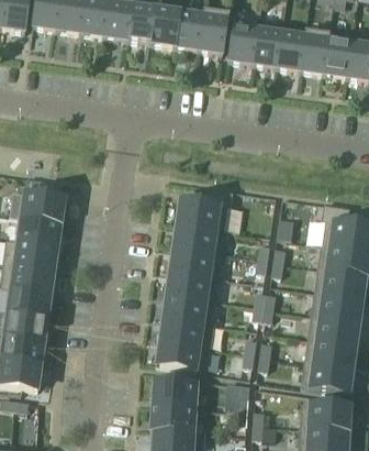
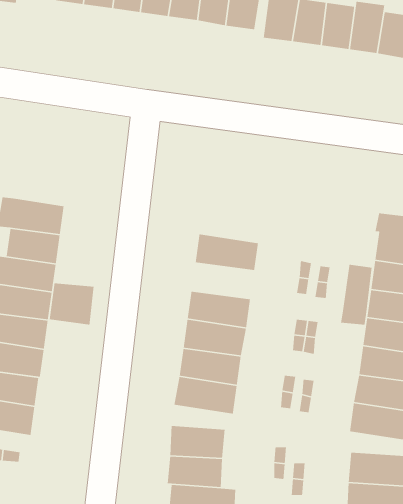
building: [176,187,233,229] -> none
building: [169,245,222,275] -> none
building: none -> [340,264,373,325]
building: none -> [49,282,94,326]

